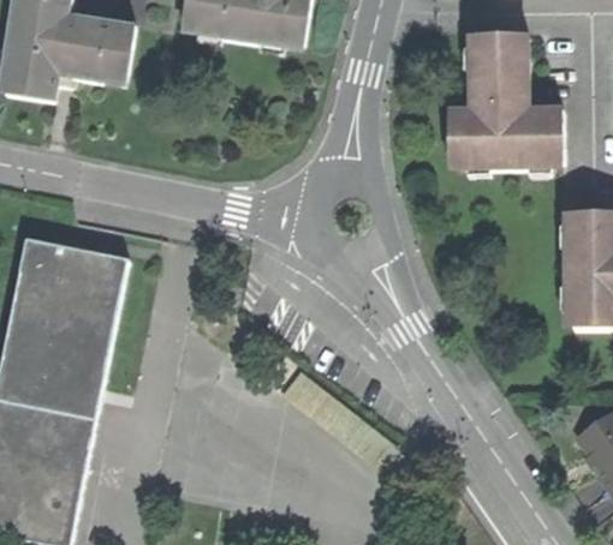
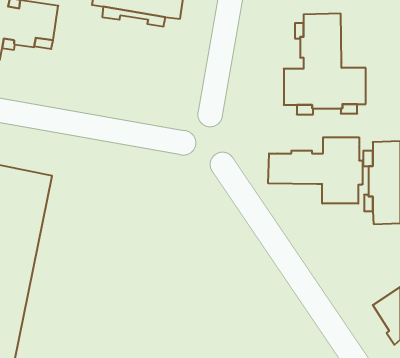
building: none -> [268,137,362,204]

